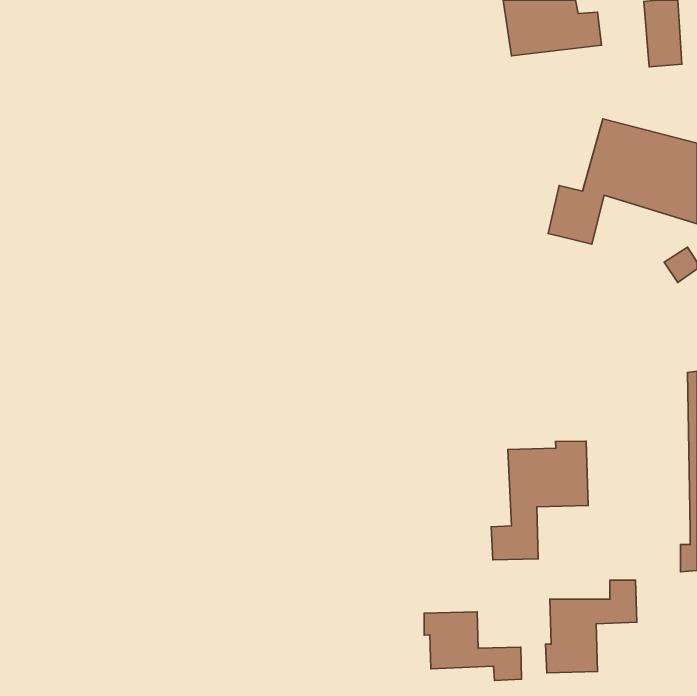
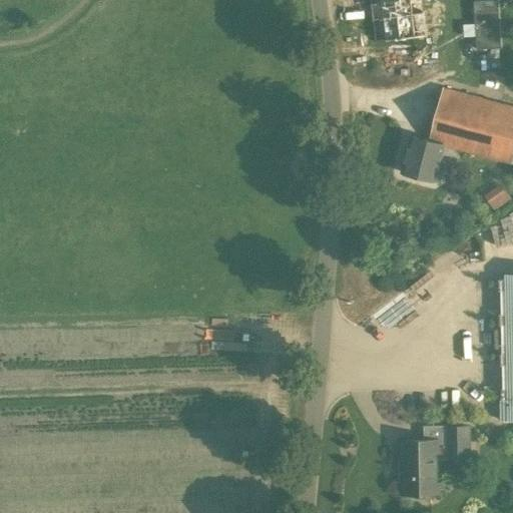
building: [491,441,588,560] -> none
building: [424,612,522,681] -> none

